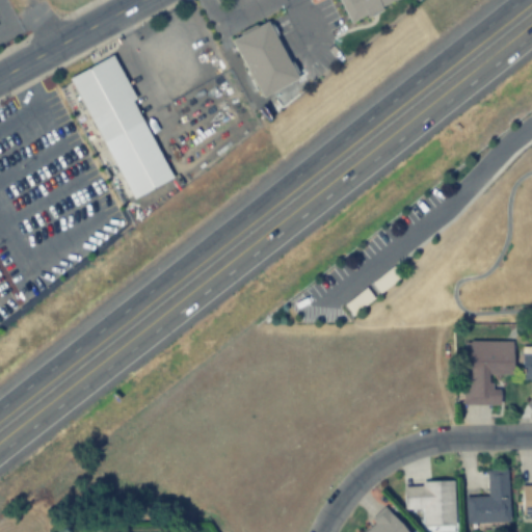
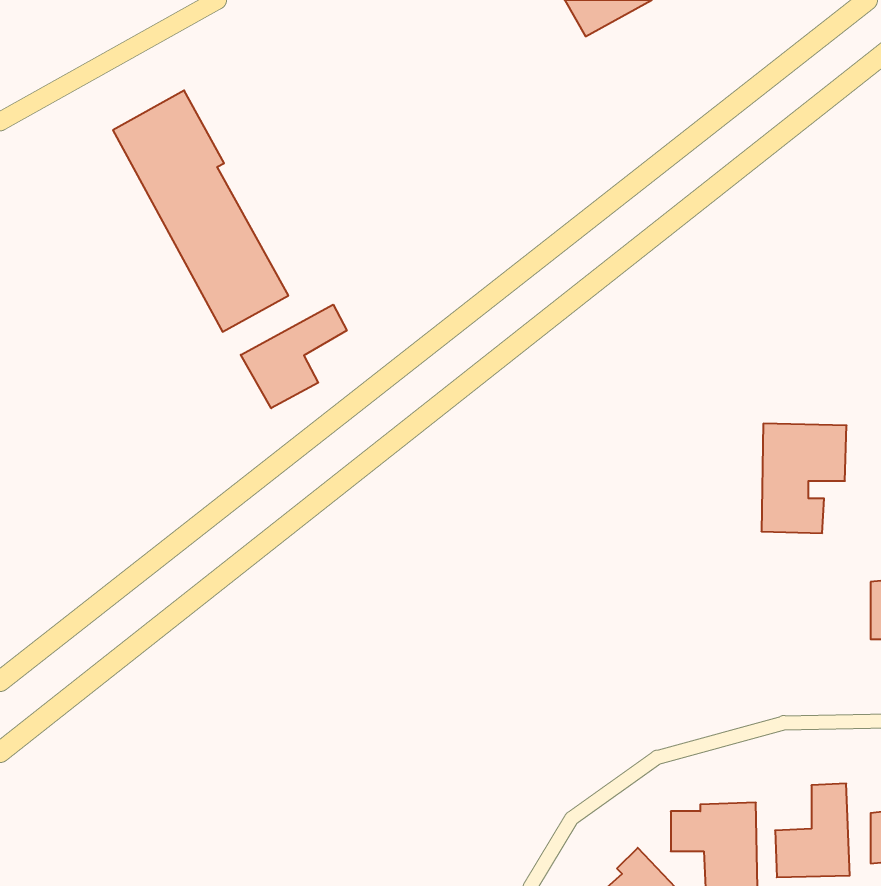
building: [235,22,301,98] -> none
building: none -> [241,305,347,408]
building: [466,341,516,406] -> [761,424,847,533]

